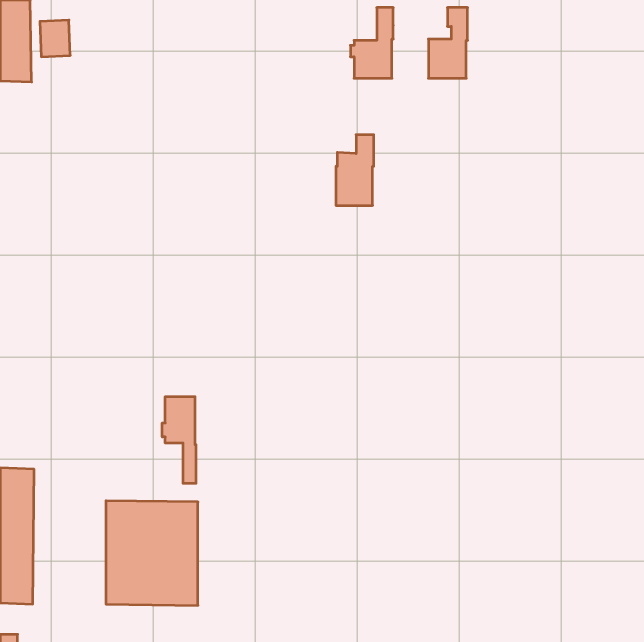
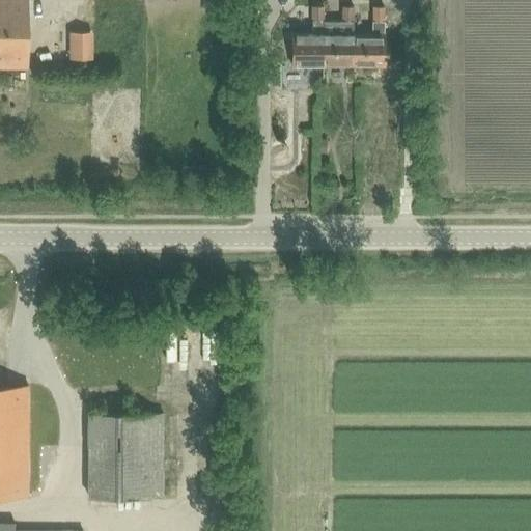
building: [40,20,70,57] -> [67,35,92,65]
building: [336,135,374,205] -> [323,8,354,66]
building: [162,397,196,483] -> none

